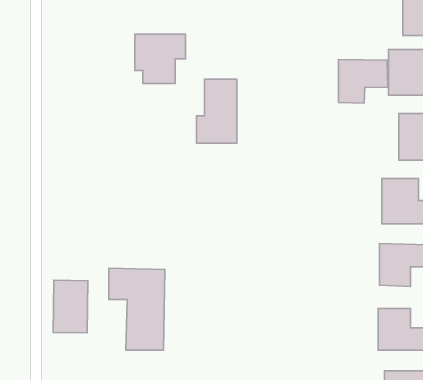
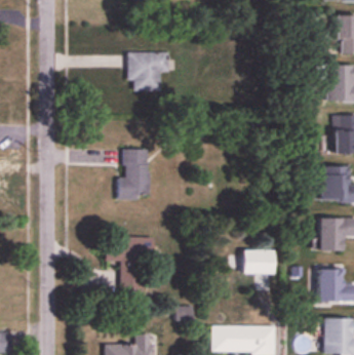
building: [338,59,388,103] -> none
building: [197,79,237,143] -> [116,149,148,199]
building: [53,280,88,333] -> none
building: none -> [243,250,274,274]

